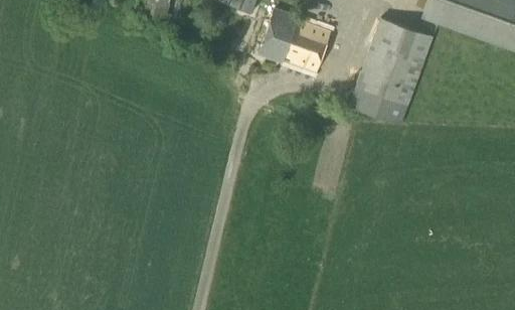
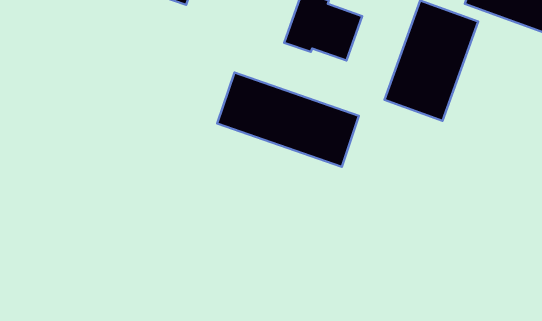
building: none -> [217,73,359,167]

